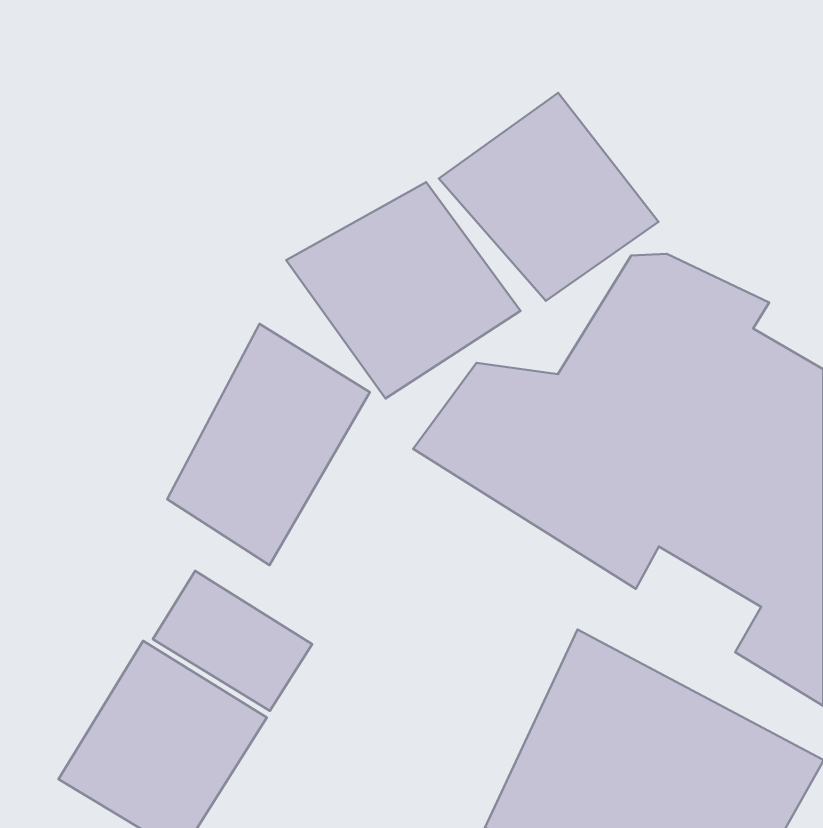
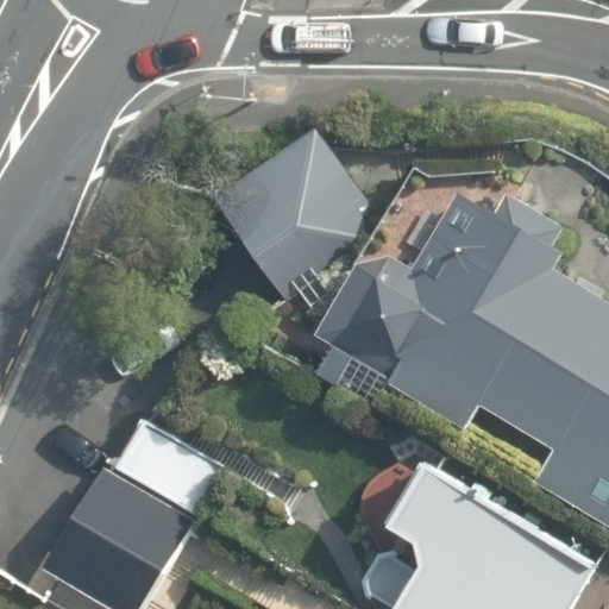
building: [439,93,659,301] -> none
building: [167,324,370,565] -> none

